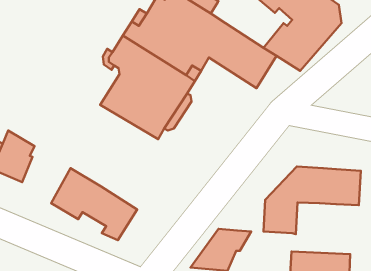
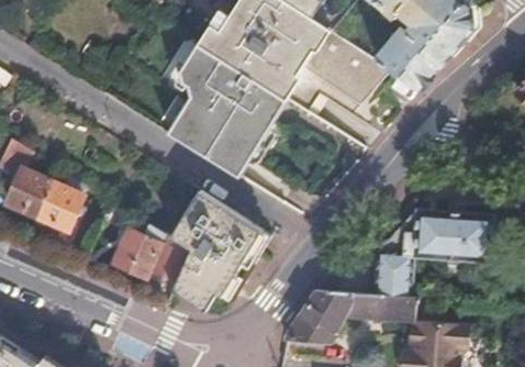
building: none -> [169,189,272,311]
building: none -> [343,293,409,320]

